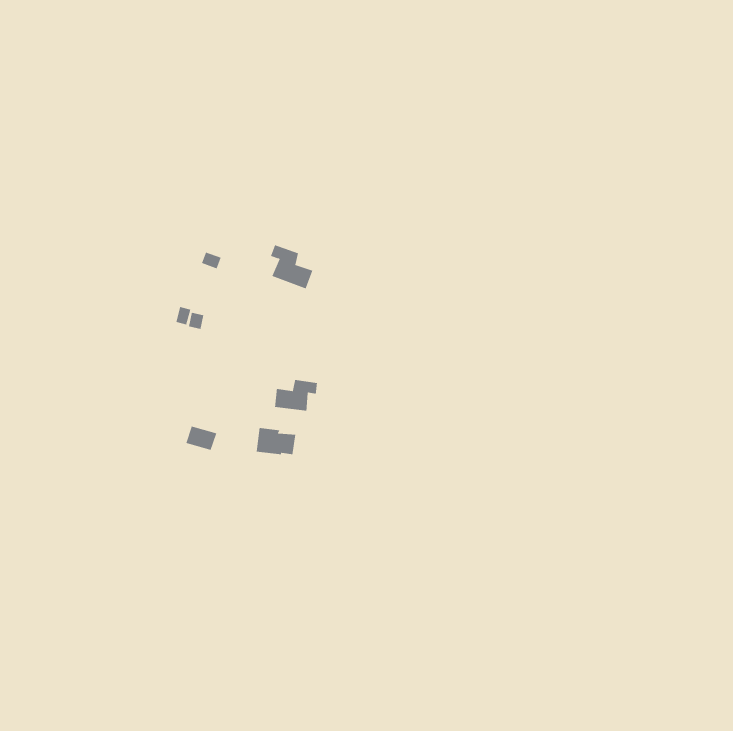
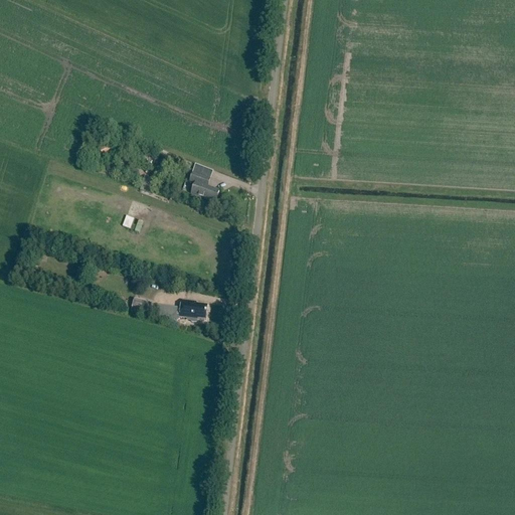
building: [274,379,318,411] -> none

